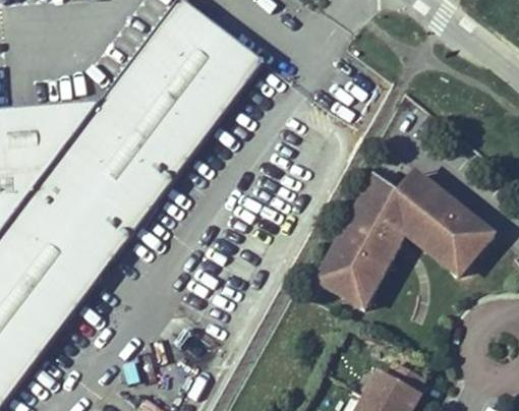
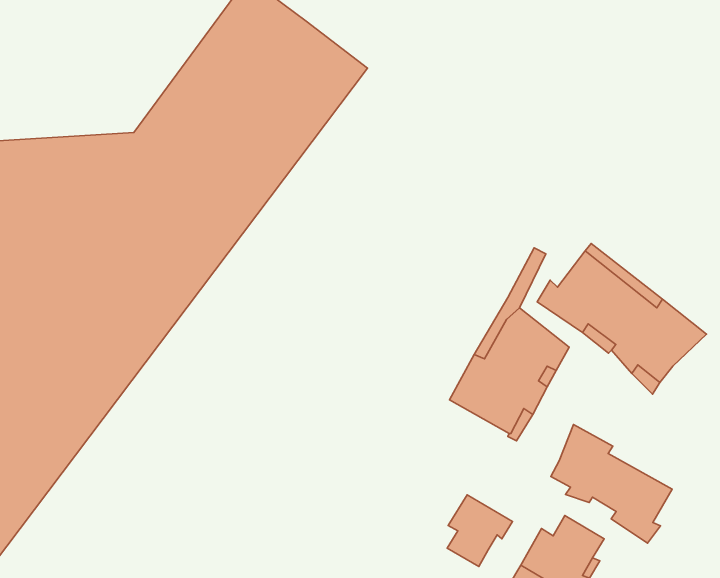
building: none -> [551,425,672,543]
building: none -> [447,495,512,567]

